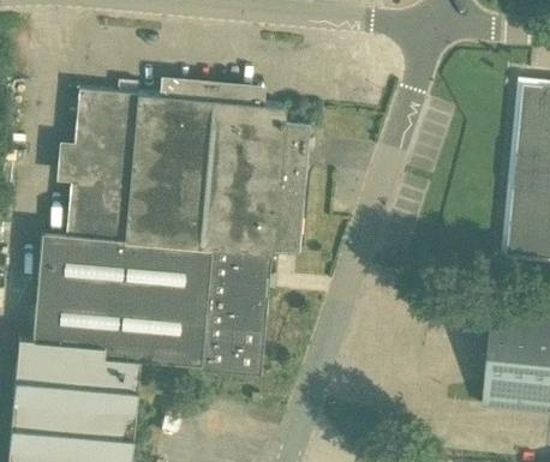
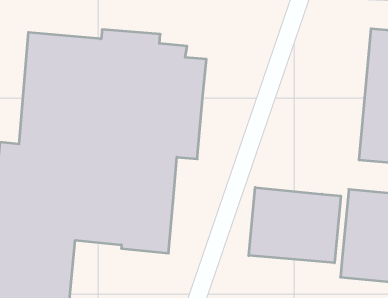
building: none -> [249,187,341,263]

